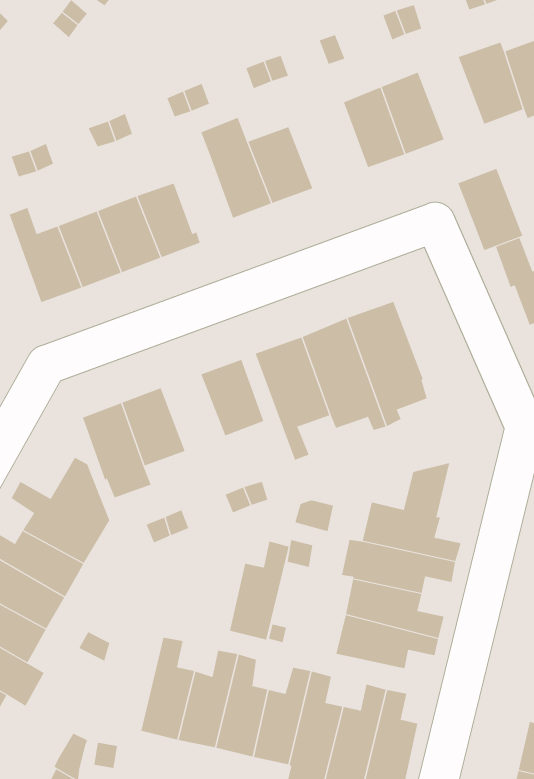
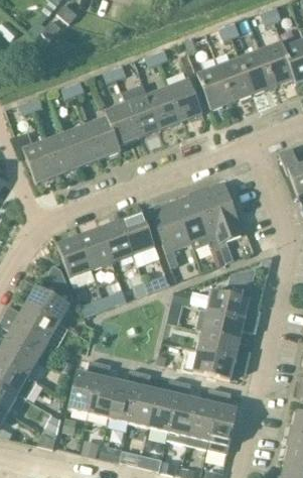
building: none -> [167,80,201,121]
building: none -> [104,104,137,145]
building: [458,168,523,251] -> [237,50,272,95]
building: none -> [99,221,133,262]
building: [229,541,289,640] -> [67,359,100,412]

